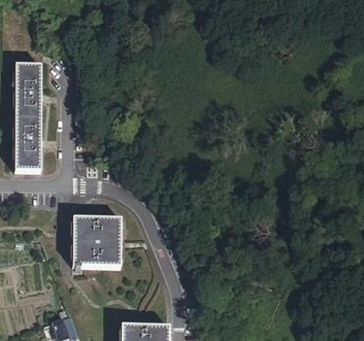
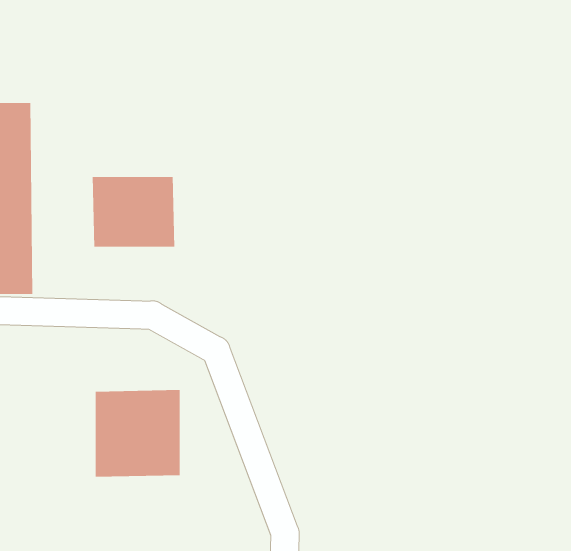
building: none -> [92,176,175,247]

